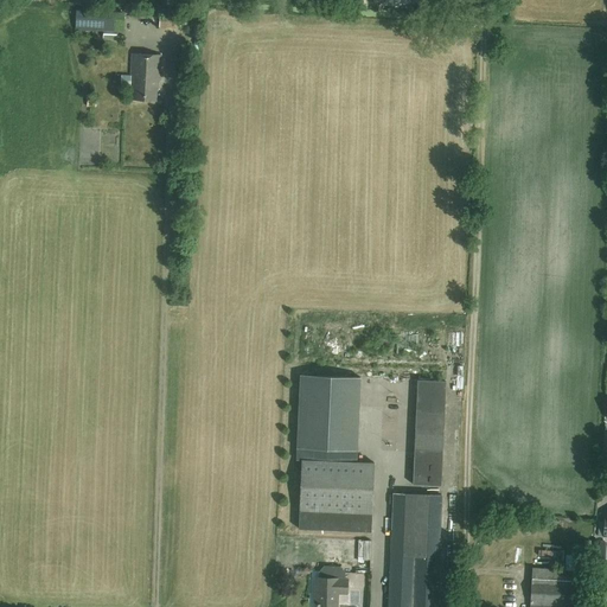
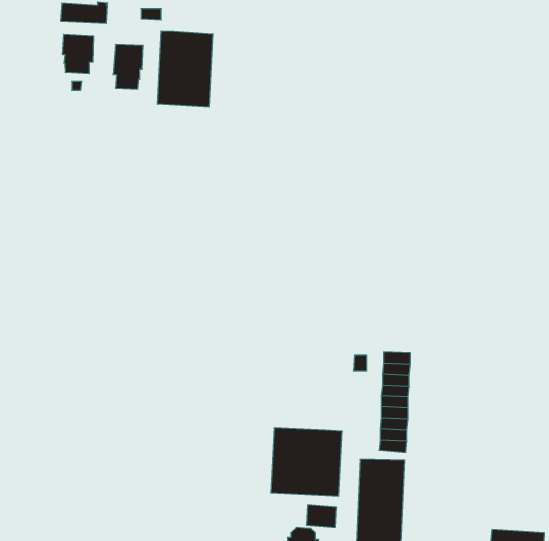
building: none -> [157,31,213,107]
building: none -> [63,34,93,74]
building: [296,377,360,462] -> none

